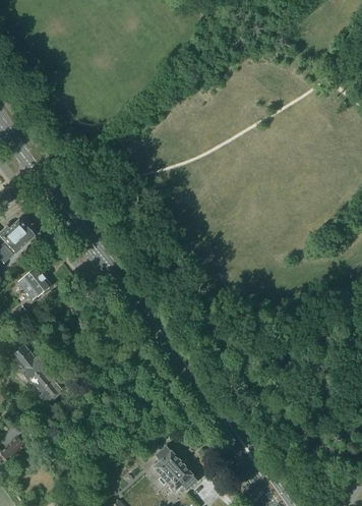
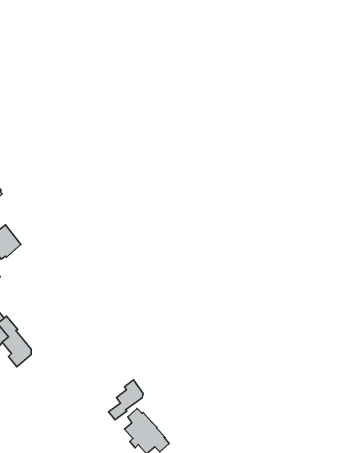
building: none -> [108,380,143,420]

